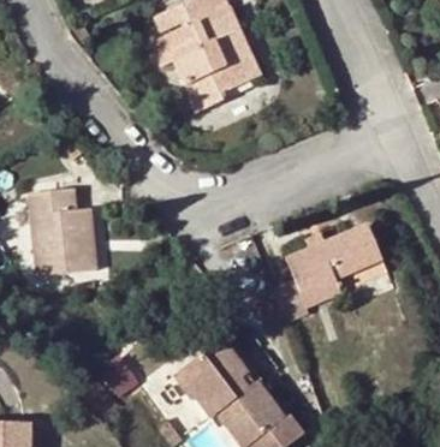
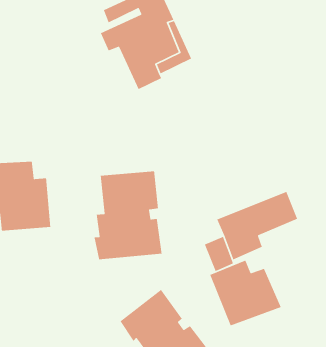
building: none -> [94,170,162,260]
building: none -> [209,260,282,327]

